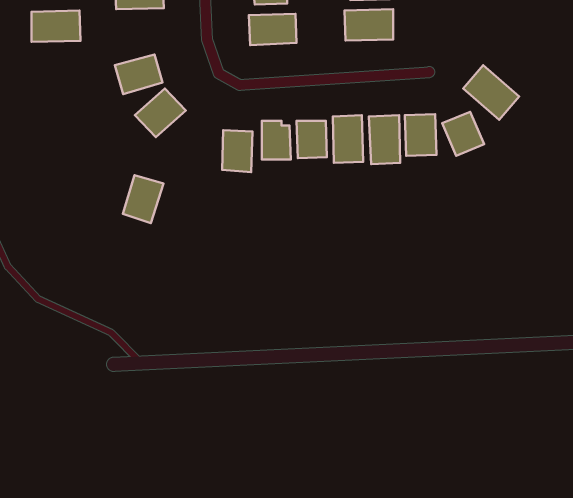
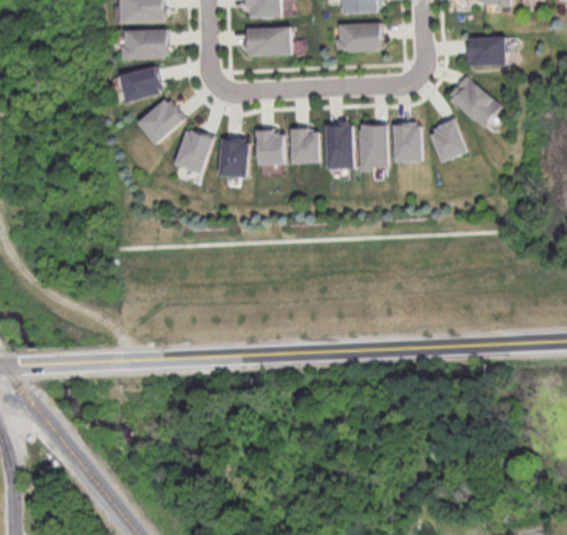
building: [32,11,81,42] -> [122,29,168,59]
building: none -> [467,37,506,65]
building: [123,175,164,223] -> [175,128,214,174]

